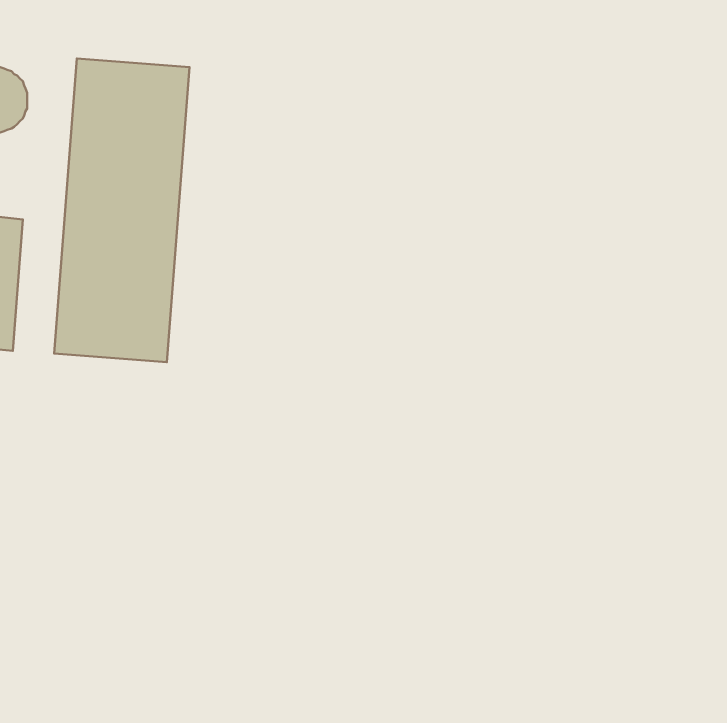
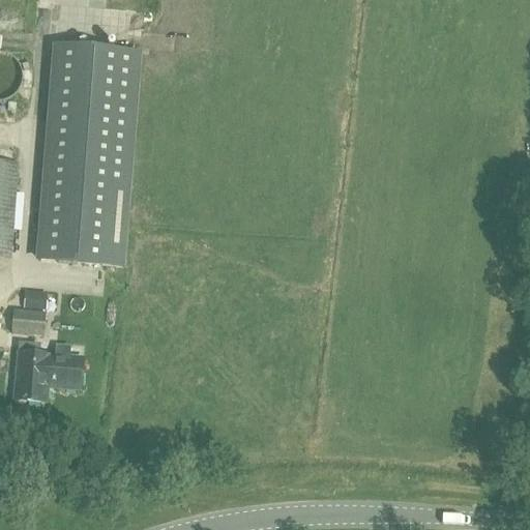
building: none -> [9,288,47,334]
building: none -> [13,344,82,400]

